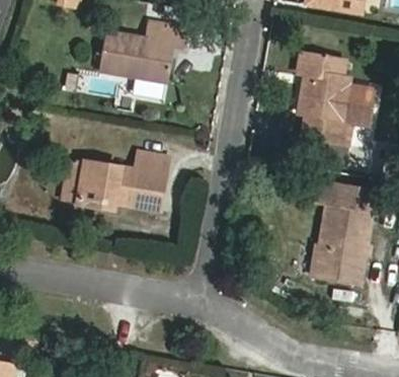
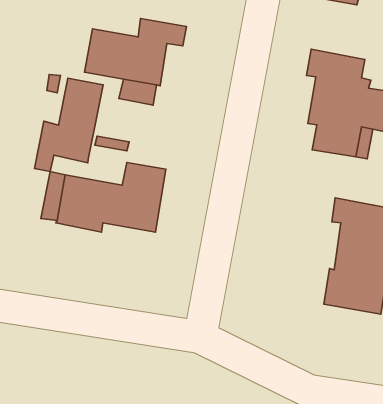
building: none -> [34,78,103,172]

